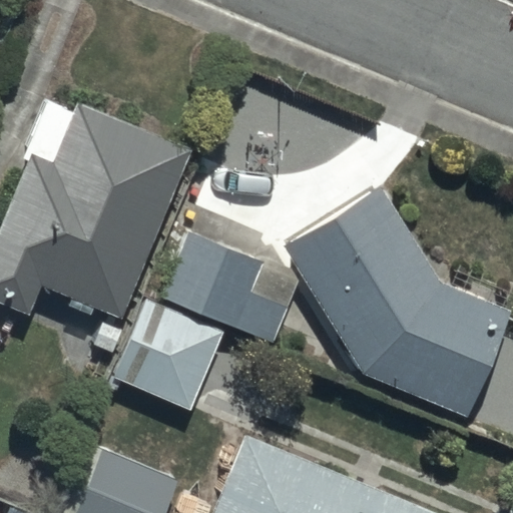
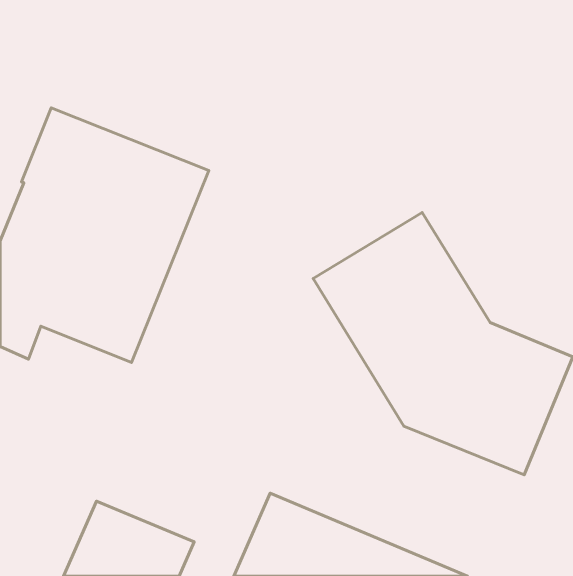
building: [162,230,302,345] -> none
building: [113,300,225,413] -> none

